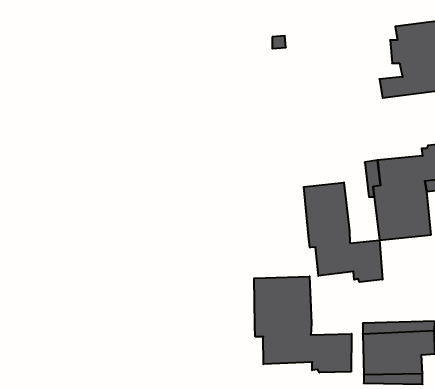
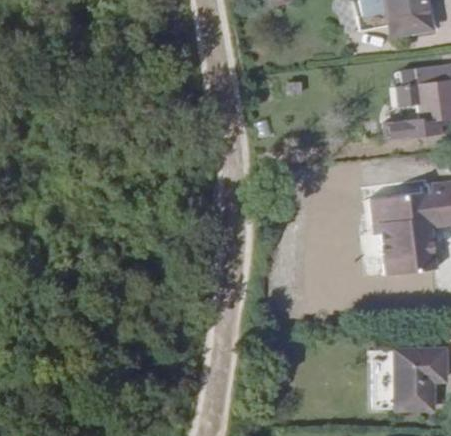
building: [304,182,383,282] -> none
building: [254,276,352,373] -> none

